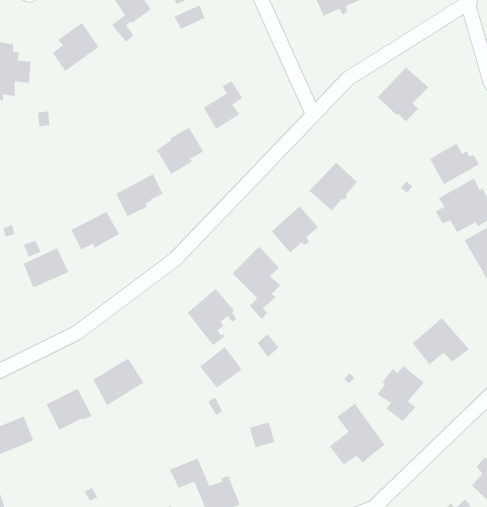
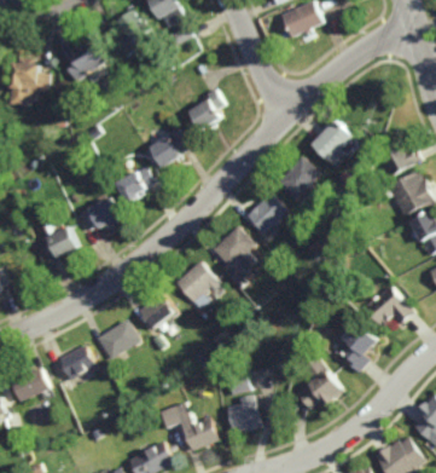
building: [377,67,429,122] -> [309,119,353,165]
building: [199,346,243,388] -> [139,294,175,329]
building: none -> [229,396,260,432]

